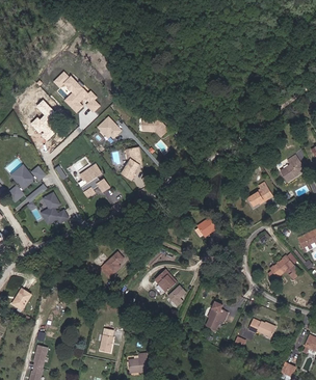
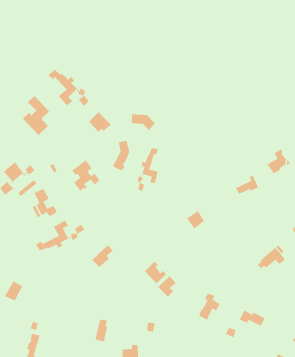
building: none -> [136,147,159,192]
building: none -> [35,219,85,252]

